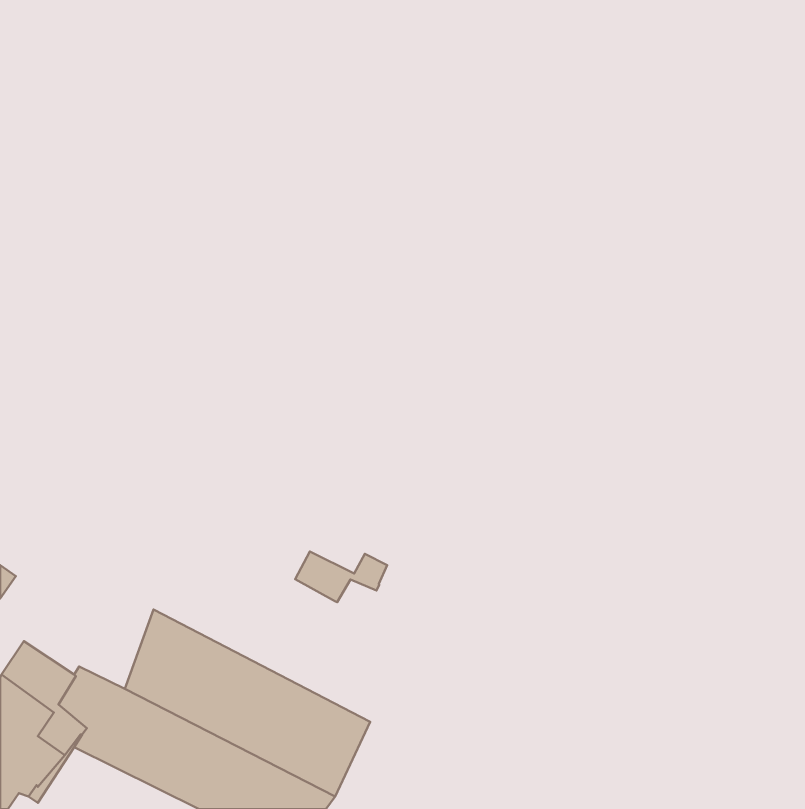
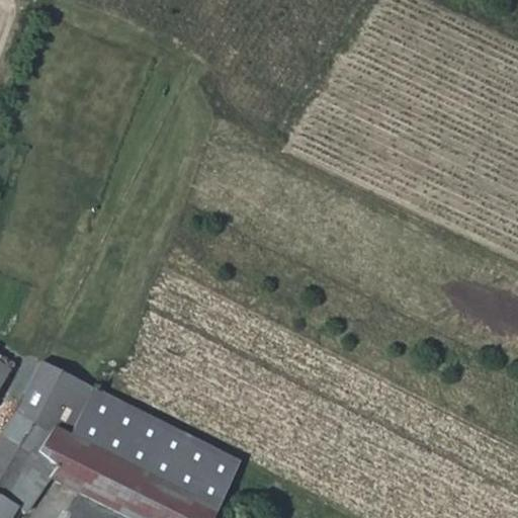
building: [295,552,387,602] -> none
building: none -> [16,360,100,440]

